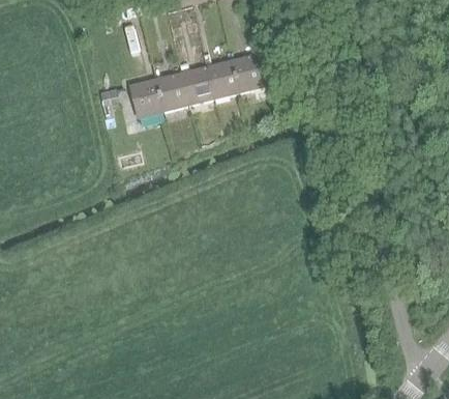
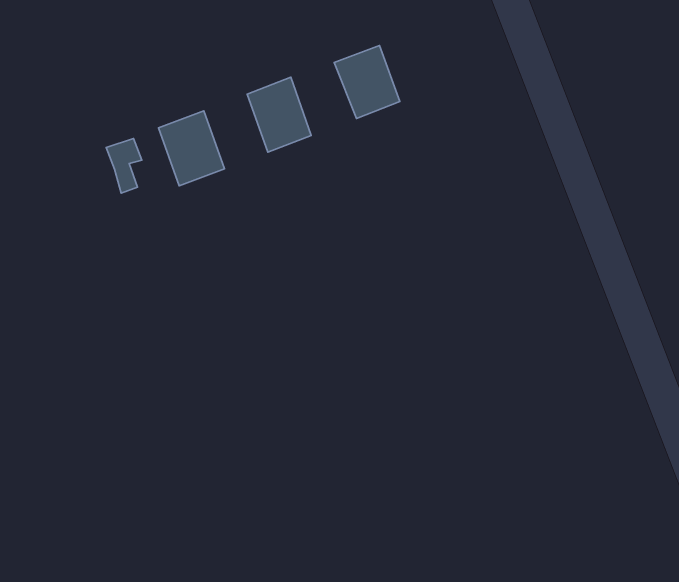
building: [206,60,239,98] -> none
building: [156,72,188,111] -> none

